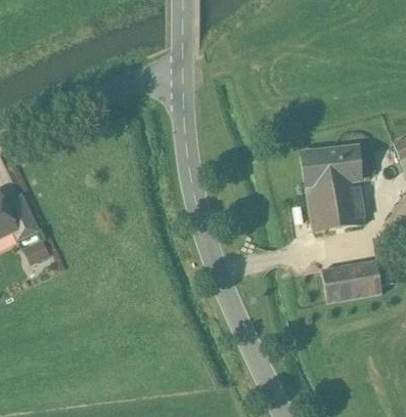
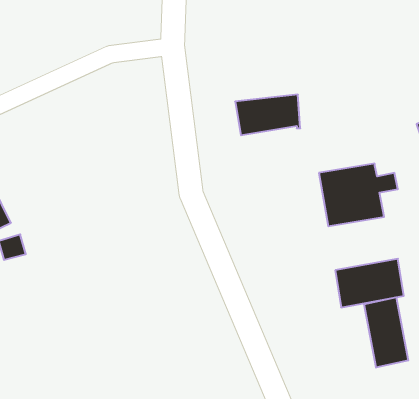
building: [302,148,359,183] -> [235,95,300,135]
building: none -> [364,297,408,368]

